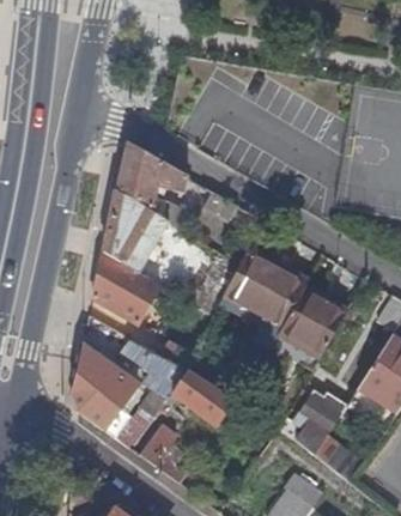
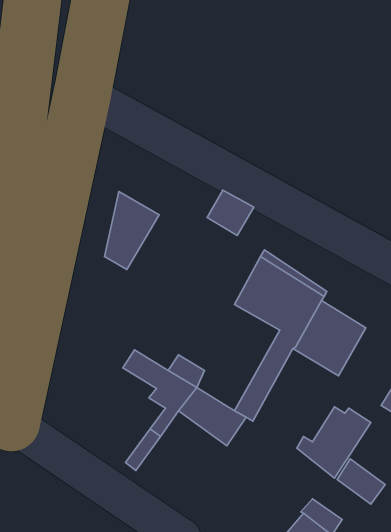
building: [115,141,189,218] -> none
building: [92,251,166,324] -> none
building: [72,345,136,437] -> none
building: [139,427,194,484] -> none

